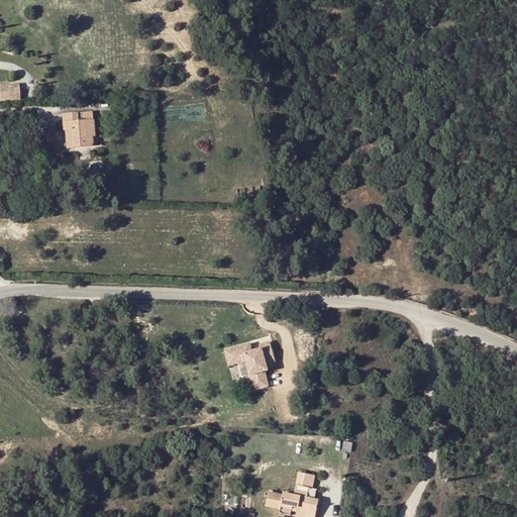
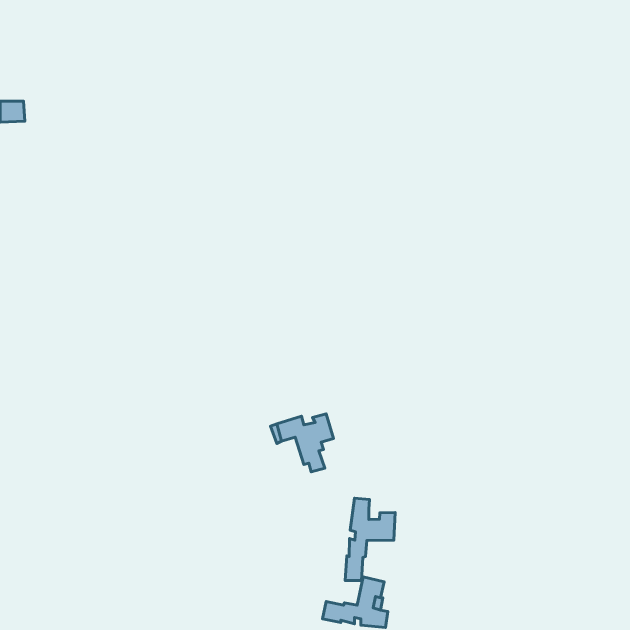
building: [63,112,96,147] -> none
building: none -> [345,498,395,580]

